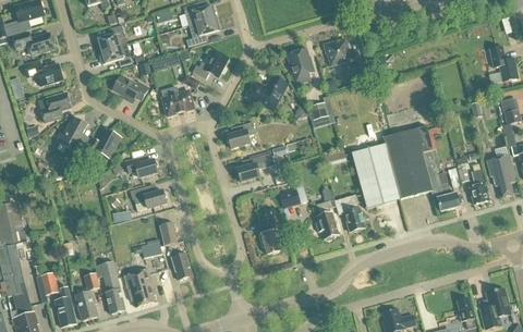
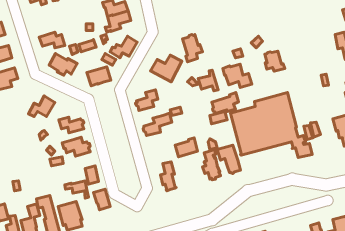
building: [95,24,126,51] -> none
building: [323,38,361,69] -> [223,64,252,87]
building: none -> [265,51,285,71]
building: [54,118,88,161] -> none
building: none -> [212,93,239,114]
building: [469,168,488,204] -> none

